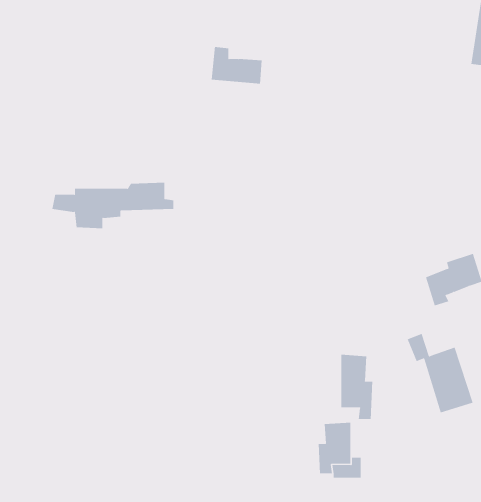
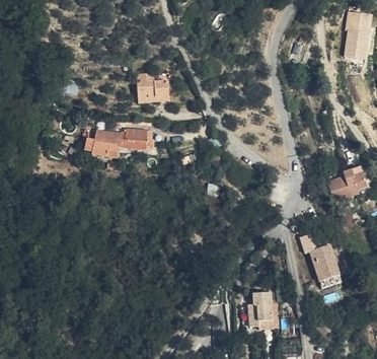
building: [211,47,262,84] -> [131,69,165,94]
building: [341,354,373,420] -> none

